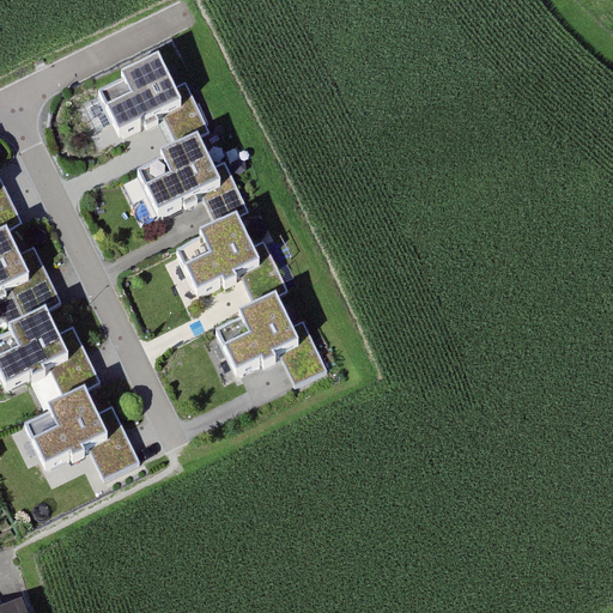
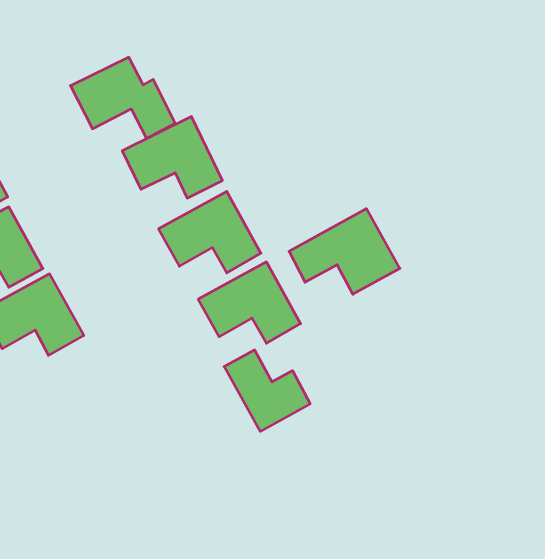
building: none -> [289,209,400,294]
building: none -> [224,350,310,431]
building: [19,387,131,475] -> none

